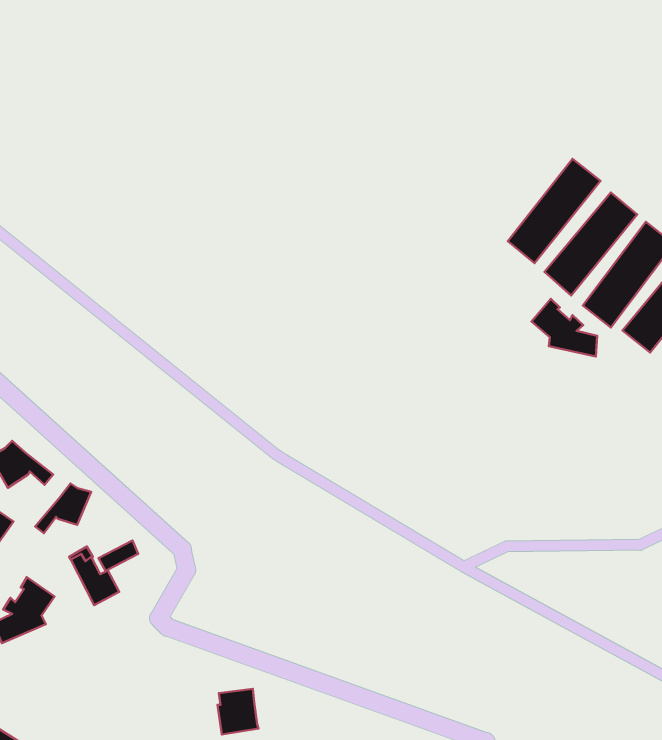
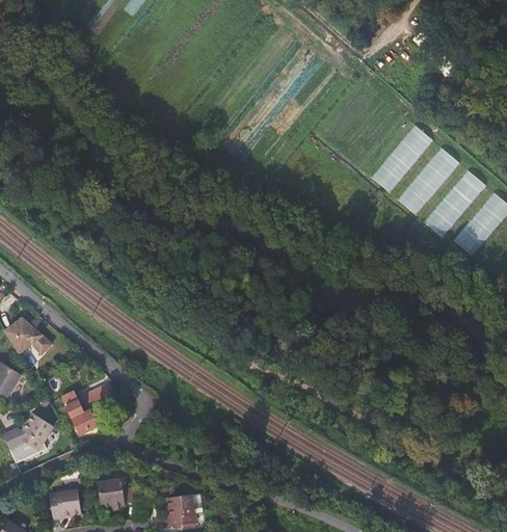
building: [531,299,597,357] -> none
building: [35,484,91,533] -> none
building: none -> [97,477,133,510]
building: none -> [49,488,79,518]

